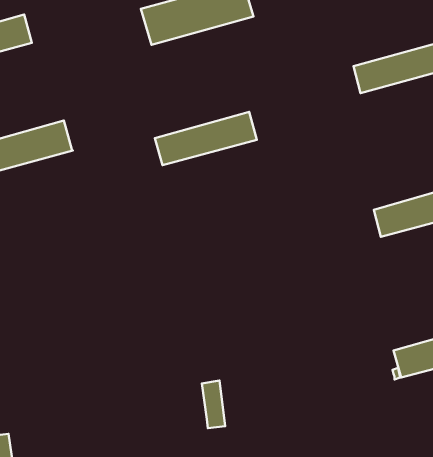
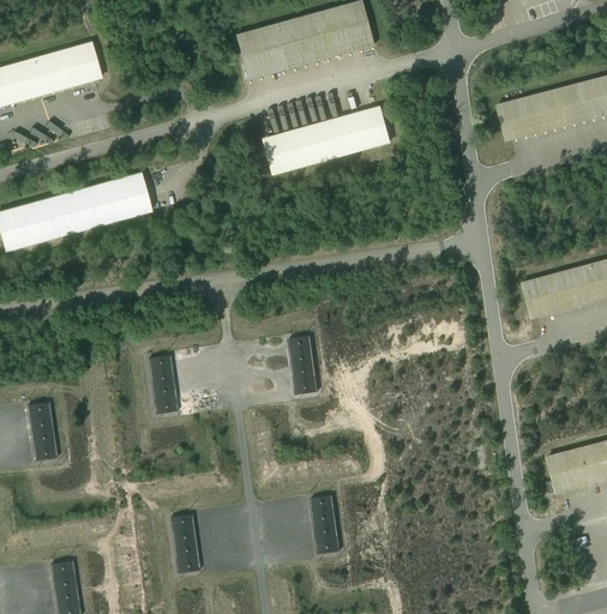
building: [155,112,257,165] -> [263,107,389,173]
building: none -> [288,335,315,393]
building: none -> [148,354,176,413]
building: none -> [169,513,198,572]

